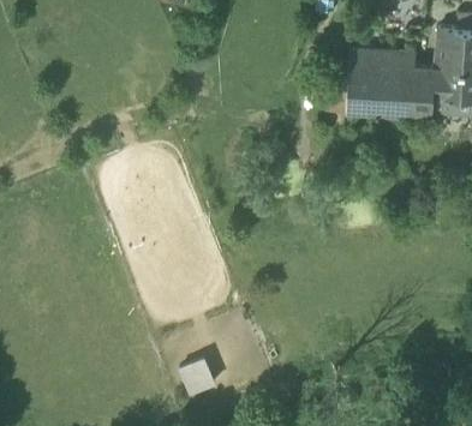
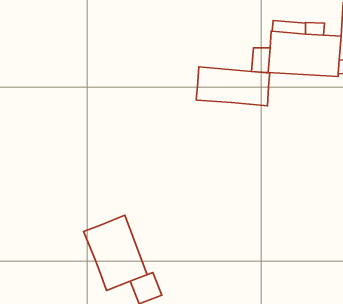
building: none -> [196,67,270,106]
building: none -> [84,215,147,291]

